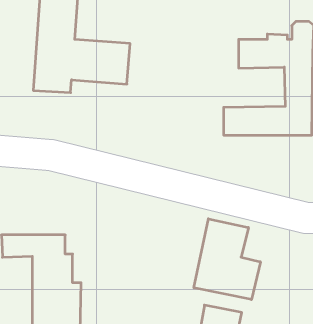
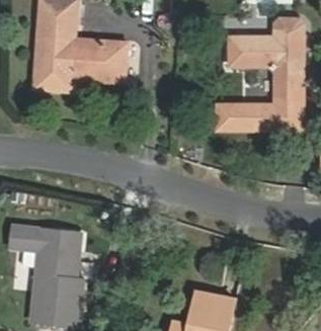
building: [194,219,260,300] -> none

